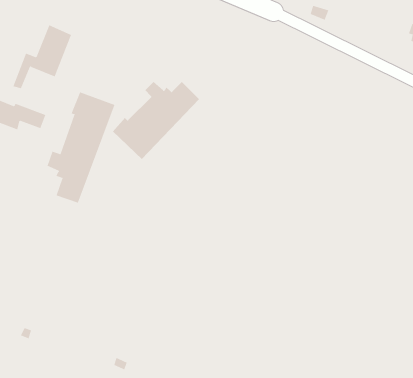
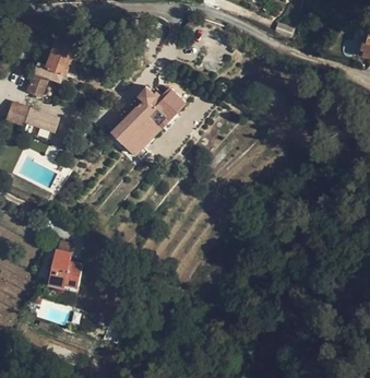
building: [47,91,115,203] -> none
building: none -> [49,244,74,291]

